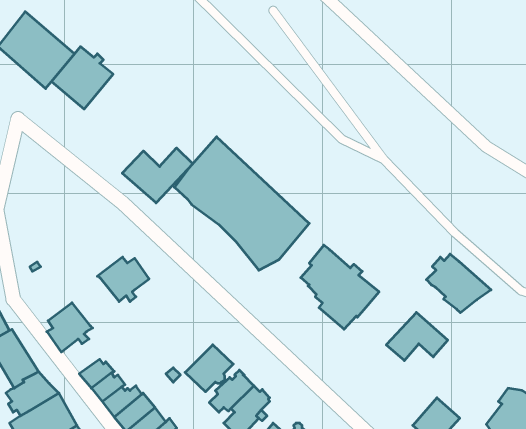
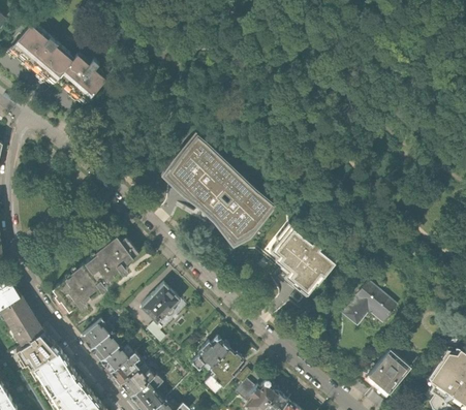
building: [122,148,193,203] -> none
building: [426,254,491,313] -> none
building: none -> [72,252,115,293]
building: [185,345,233,392] -> [139,281,181,321]

